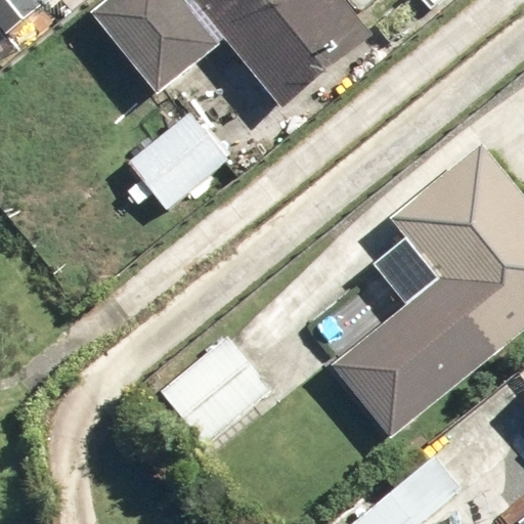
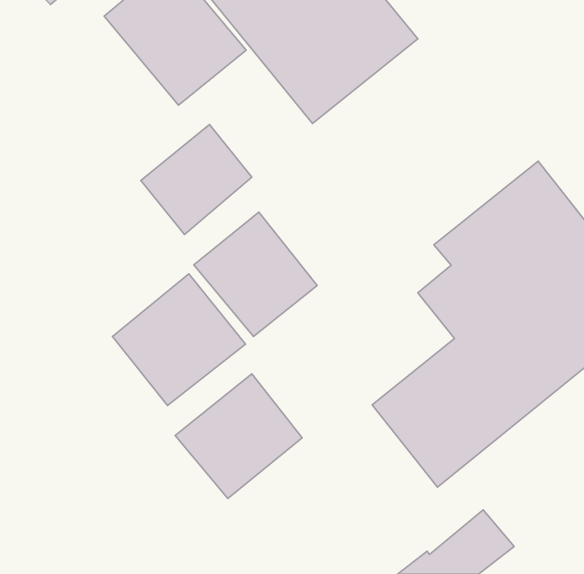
building: none -> [194,212,317,337]
building: none -> [113,274,246,405]

